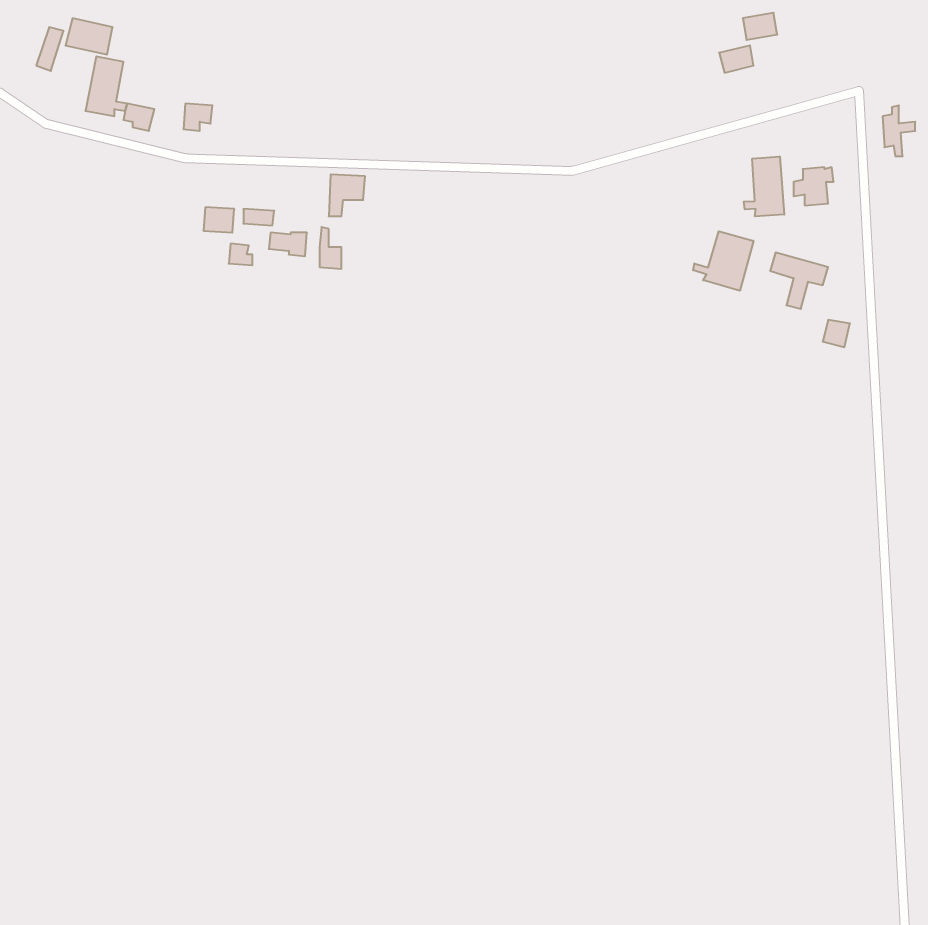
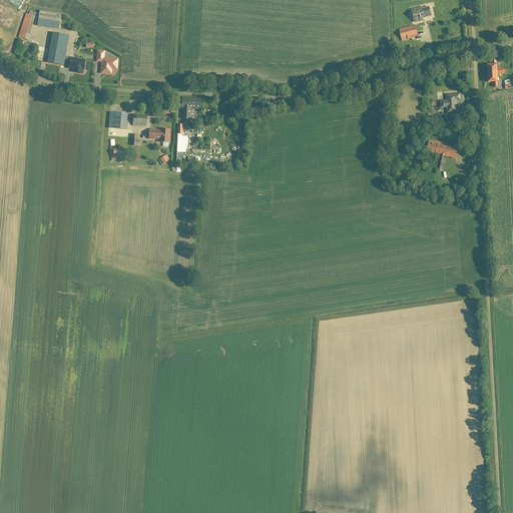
building: [744,156,784,216] -> none
building: [693,231,753,291] -> none

